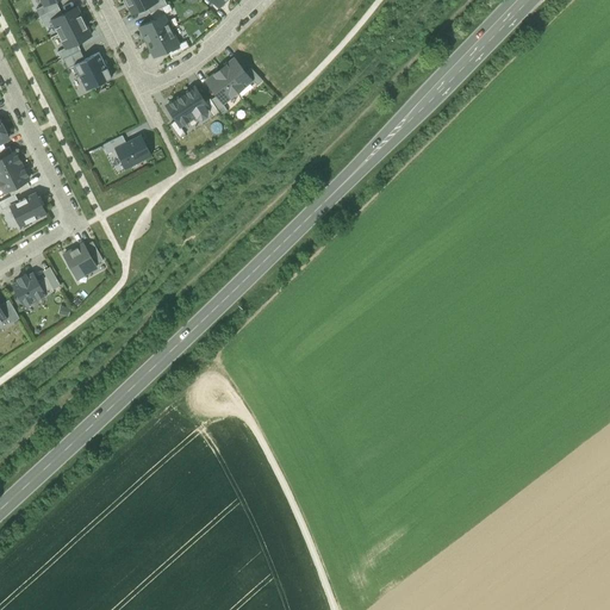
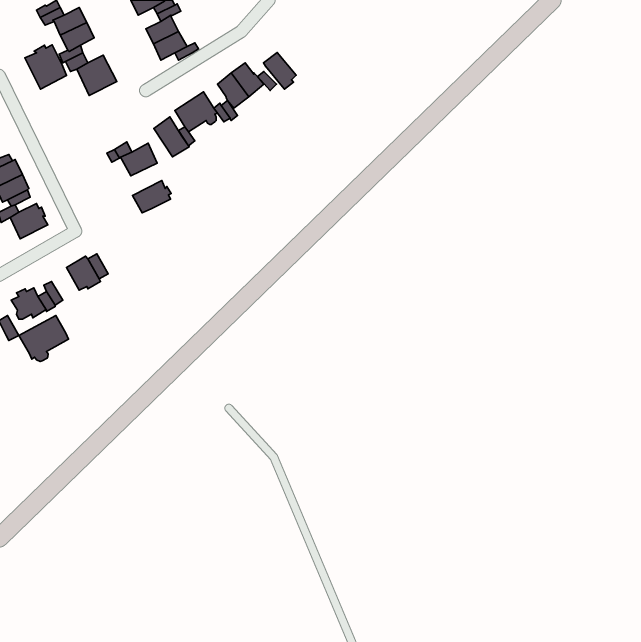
building: none -> [25,45,67,89]
building: none -> [263,52,296,89]
building: none -> [154,117,189,157]
building: none -> [133,181,171,213]
building: none -> [19,315,69,361]

